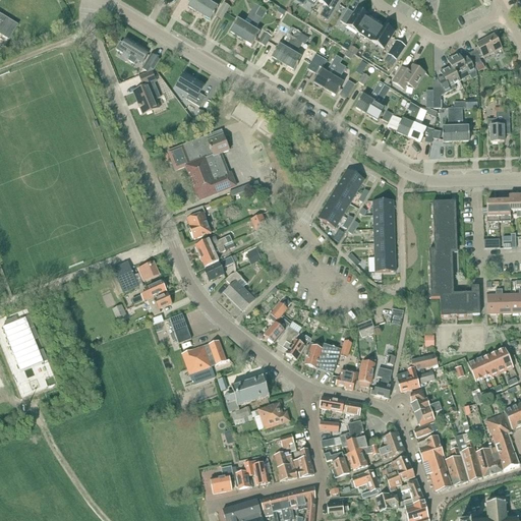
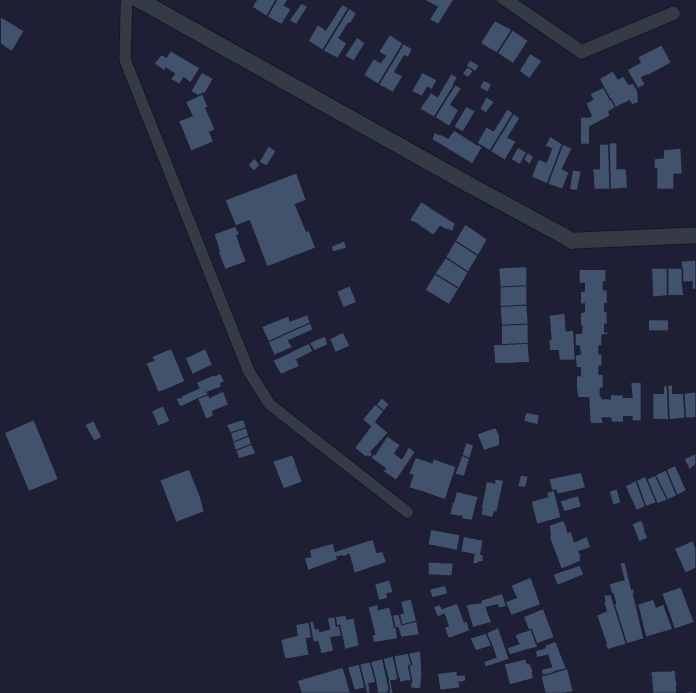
building: [340,7,369,33] -> none
building: [393,64,425,89] -> none
building: [176,71,206,106] -> none
building: none -> [432,130,482,164]
building: none -> [410,201,455,235]
building: [186,206,211,238] -> [214,226,247,270]
building: none -> [549,313,575,360]
building: [224,271,254,310] -> none
building: [181,345,215,385] -> [160,469,205,522]
building: [371,367,392,398] -> none
building: [225,377,269,412] -> none
building: [485,413,512,444] -> none
building: [339,420,367,452] -> none
building: [417,436,451,491] -> none

